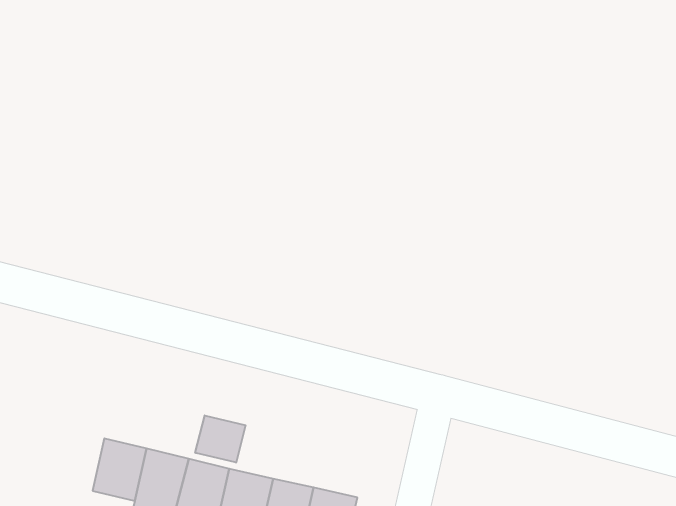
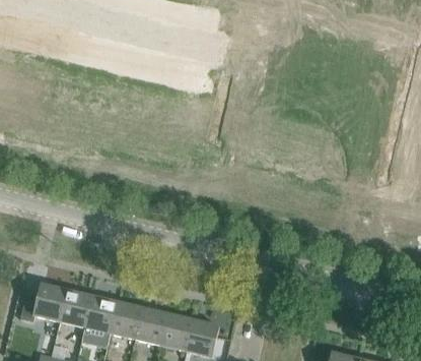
building: [195,415,246,463] -> none
building: none -> [19,284,67,321]

